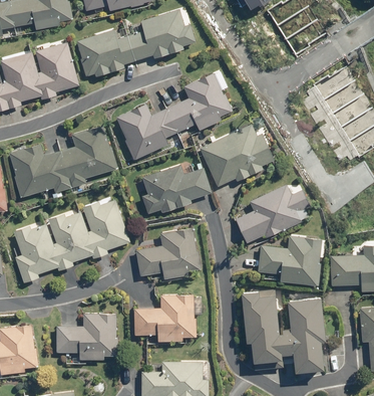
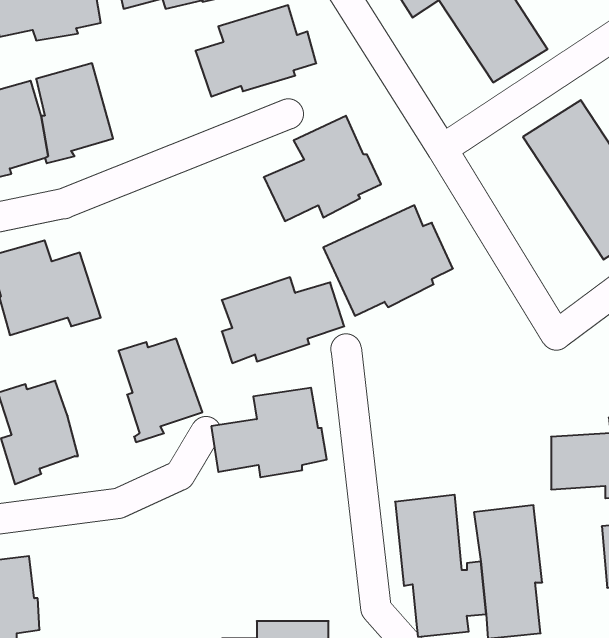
building: [76,29,135,76] -> none
building: [115,104,177,160] -> none
building: [60,125,117,188] -> none
building: [236,184,310,243] -> none
building: [47,212,94,270] -> none
building: [258,236,321,285] -> none
building: [134,294,196,342] -> none
building: [56,314,117,360] -> none

